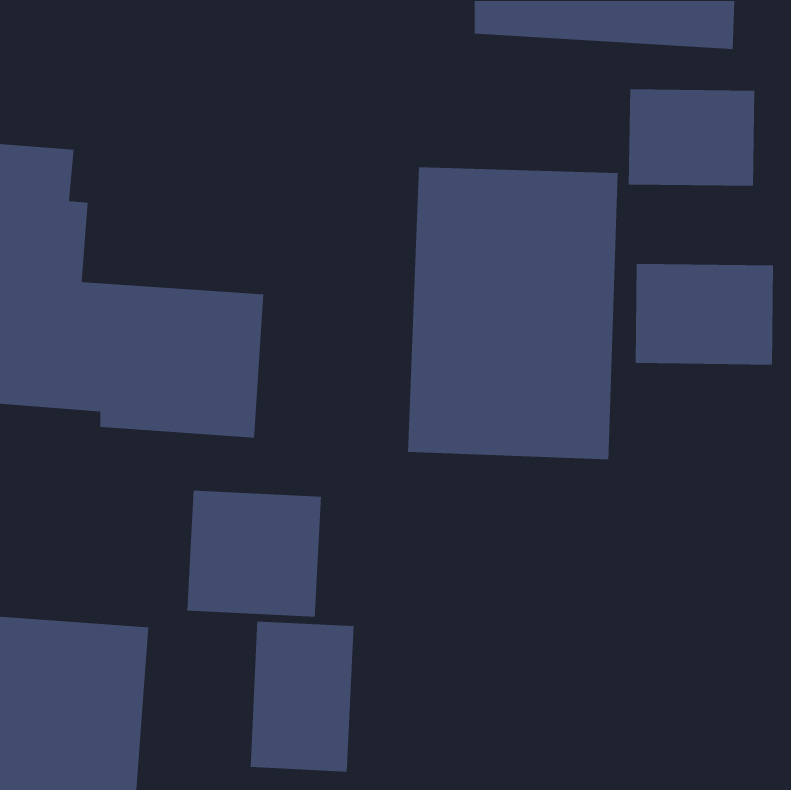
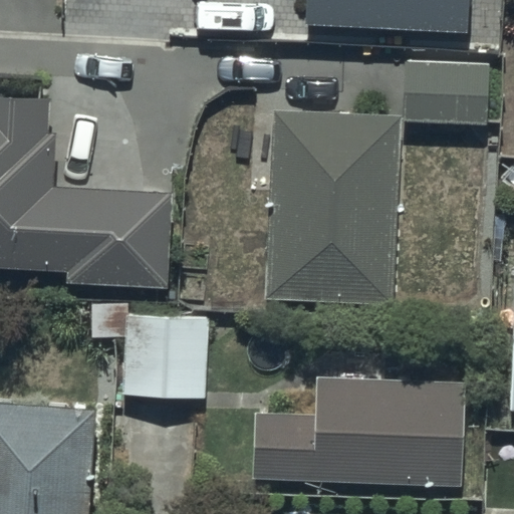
building: [635,263,774,365] -> none
building: none -> [251,381,464,479]
building: [250,621,354,772] -> none

